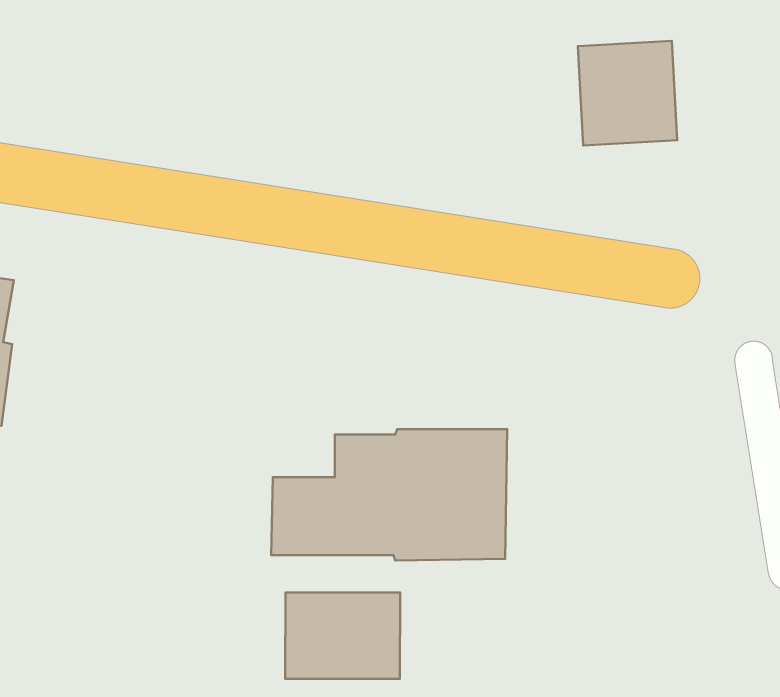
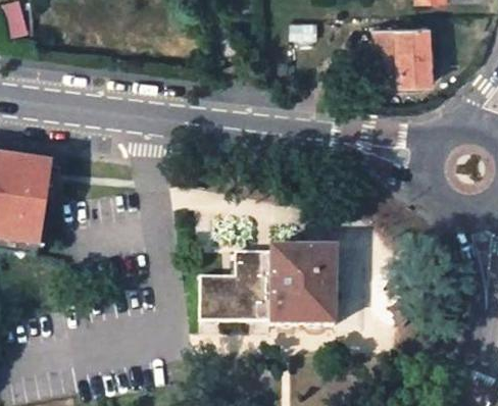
building: [285,592,400,679] -> none

